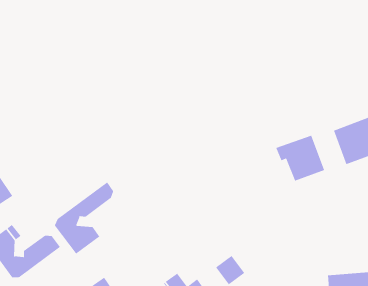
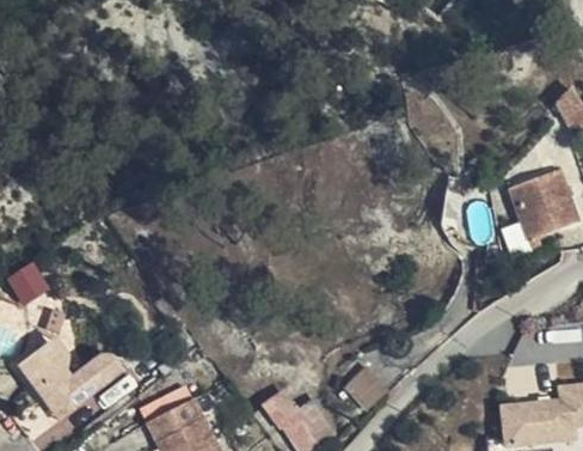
building: [276,135,325,182] -> none
building: [54,181,114,255] -> none

